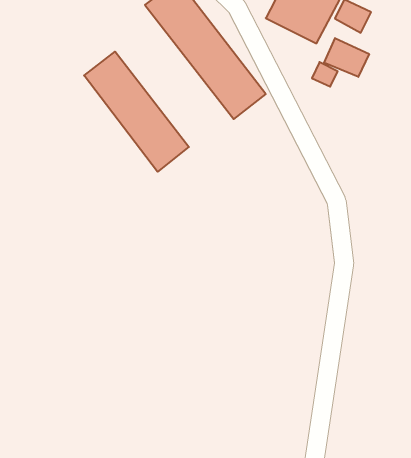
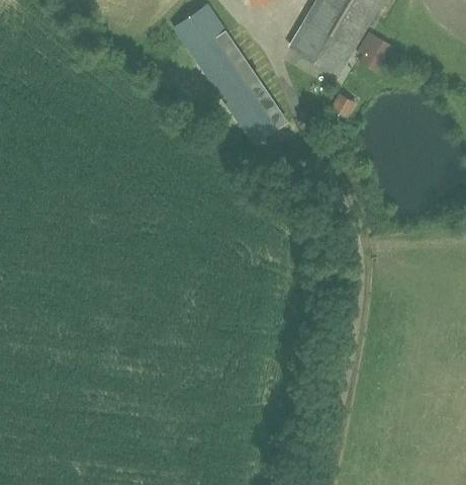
building: [324,38,369,77] -> none
building: [84,52,189,172] -> none

